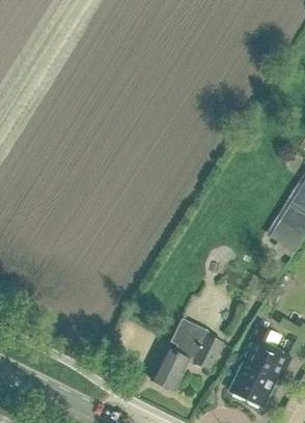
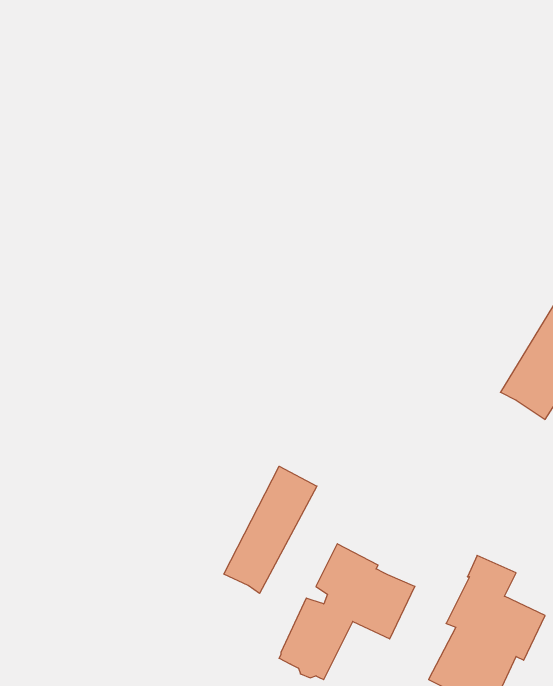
building: none -> [224,466,317,593]

